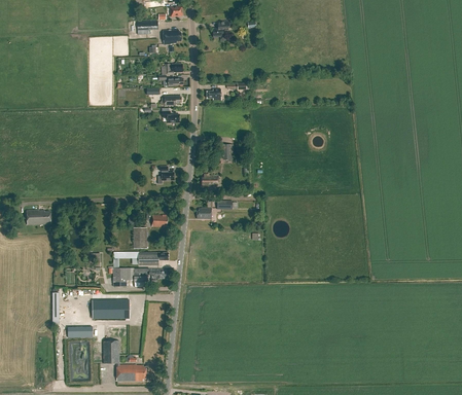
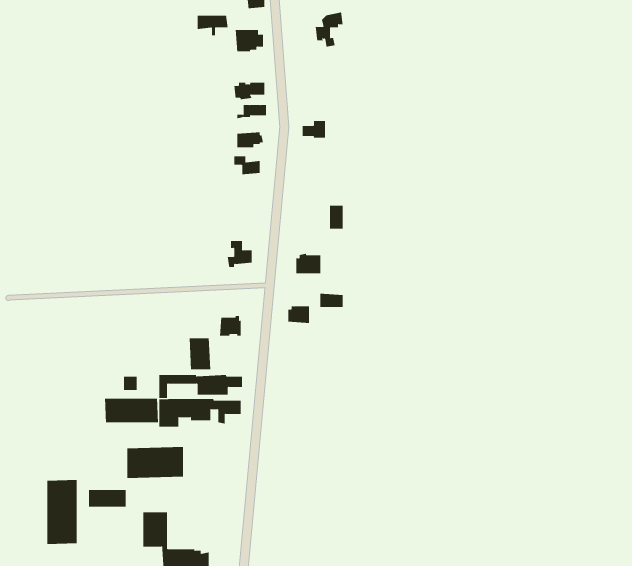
building: [24,209,51,231] -> none
building: none -> [105,398,158,423]
building: none -> [47,479,77,545]

